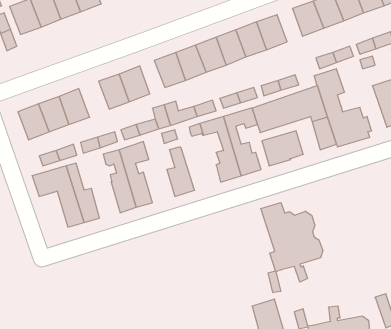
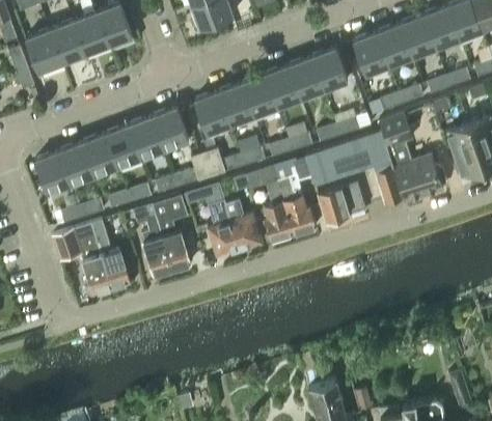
building: none -> [106,125,141,167]
building: none -> [224,198,263,251]
building: [261,203,323,293] -> none

